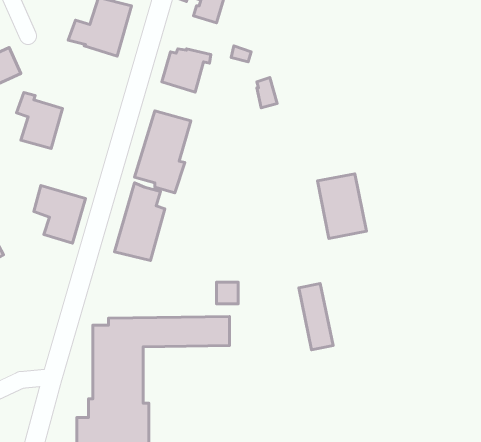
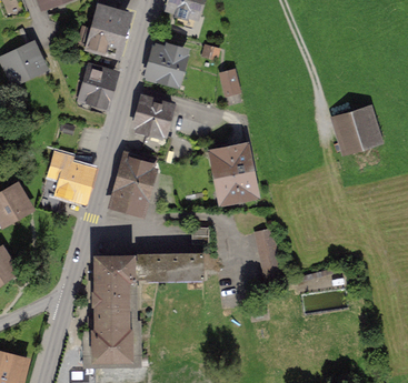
building: [17,93,63,149] -> [78,63,113,107]
building: none -> [336,105,378,150]
building: [317,174,366,238] -> [216,148,253,198]

